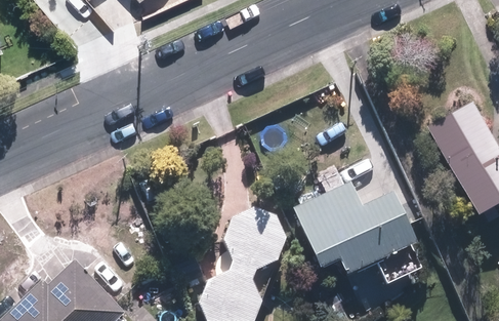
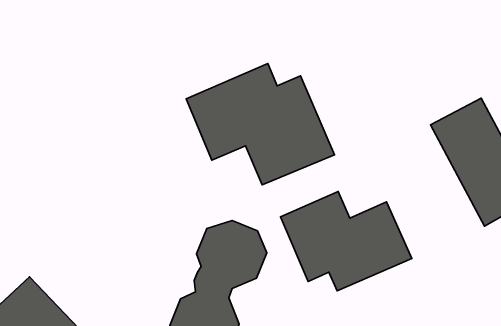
building: none -> [186,64,335,185]

